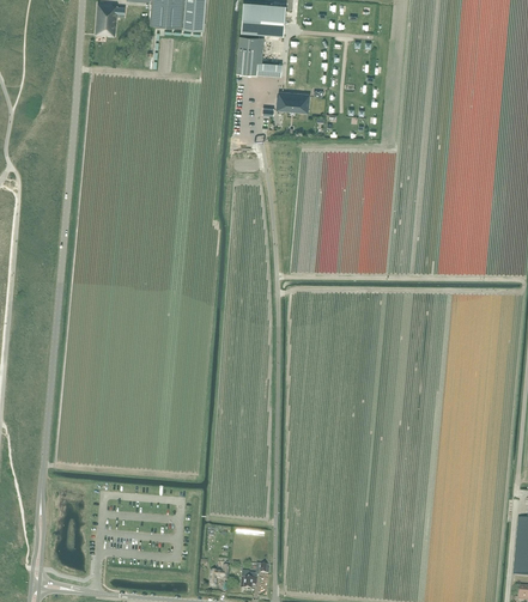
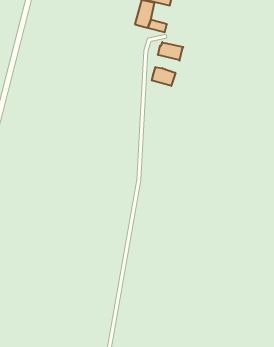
building: none -> [152,67,175,86]

